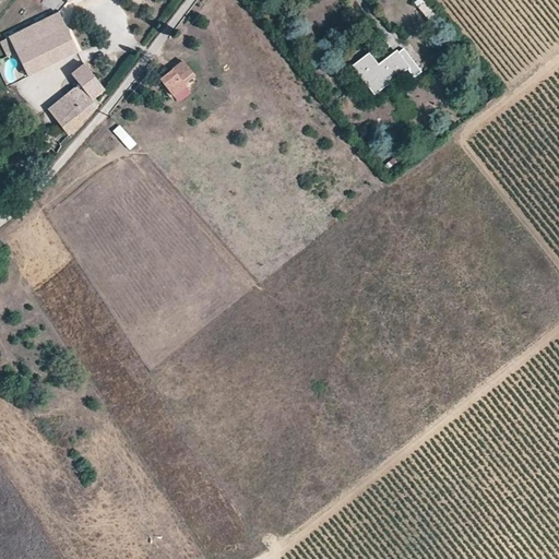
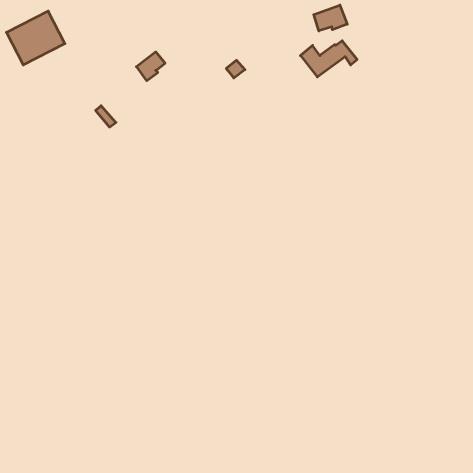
building: none -> [314,5,347,31]
building: [47,63,104,133] -> none

